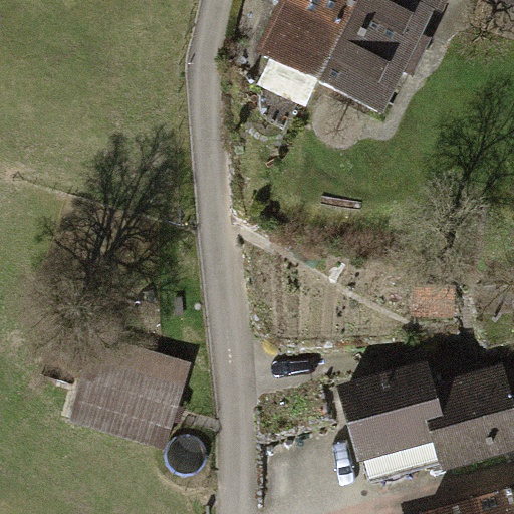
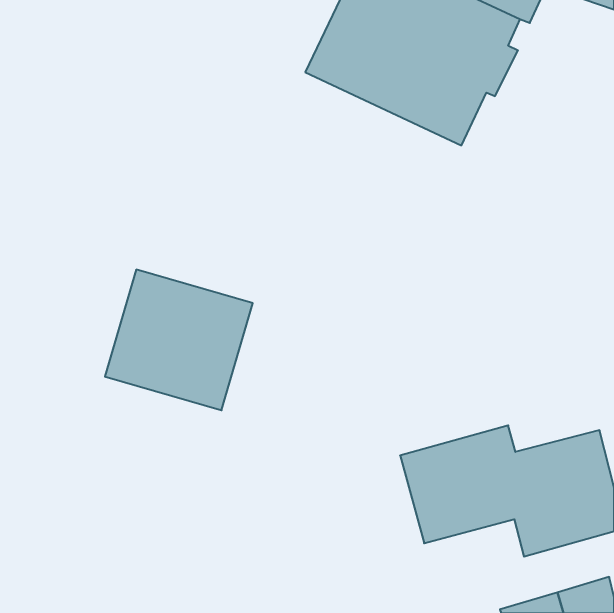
building: [68,336,192,454] -> [105,270,253,410]

